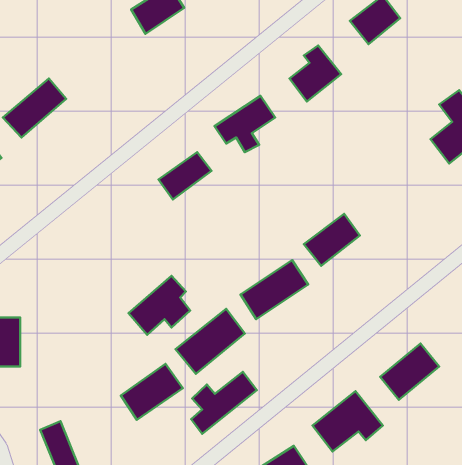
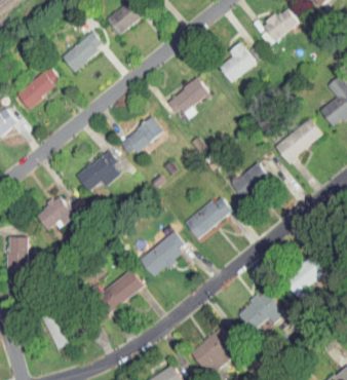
building: none -> [62,30,104,71]
building: none -> [275,118,323,162]
building: none -> [36,195,77,229]
building: [128,276,190,335] -> [77,149,121,191]
building: [191,372,257,434] -> none

